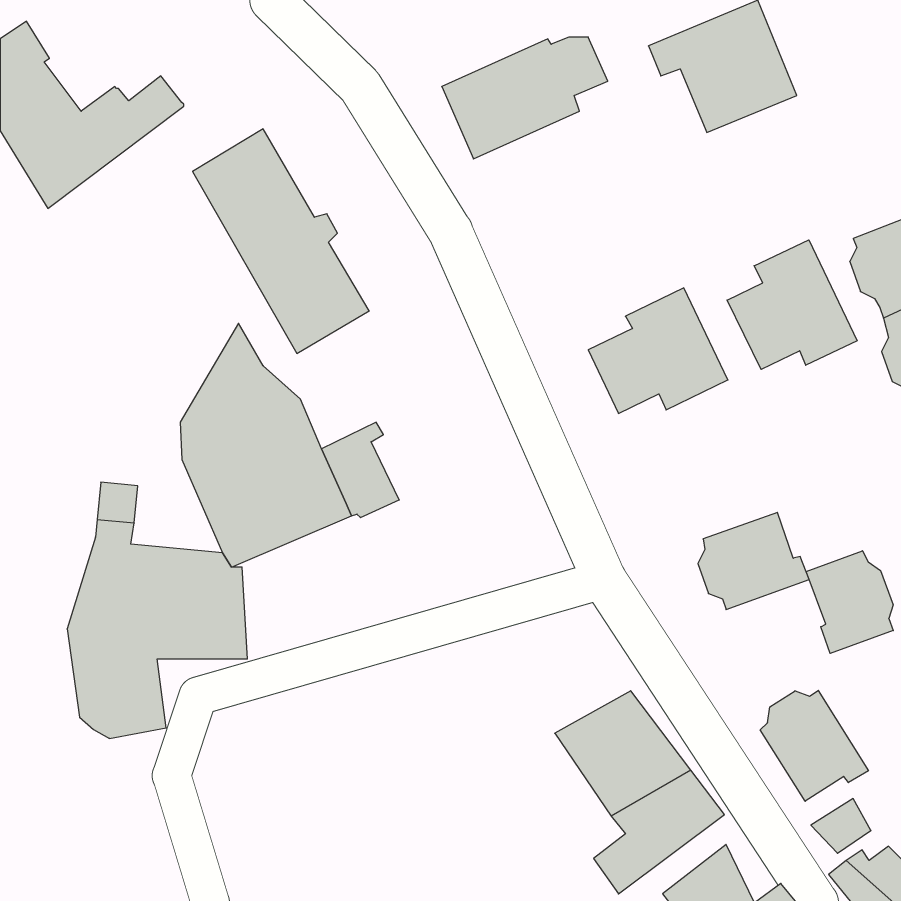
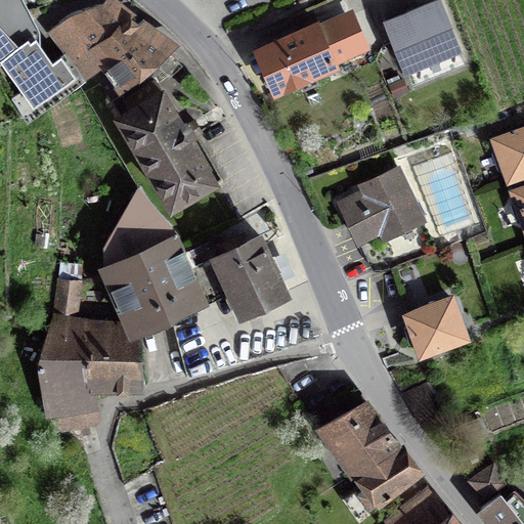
building: none -> [52,5,184,84]
building: [727,240,857,369] -> none
building: none -> [216,236,287,312]
building: [806,551,893,653] -> none
building: [760,690,868,801] -> none

